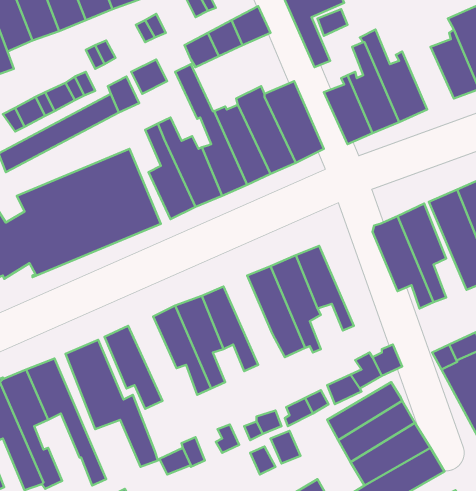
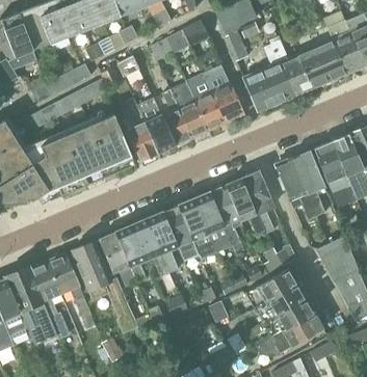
building: none -> [295,47,330,88]
building: none -> [240,171,273,234]
building: none -> [177,198,217,260]
building: none -> [113,225,146,281]

